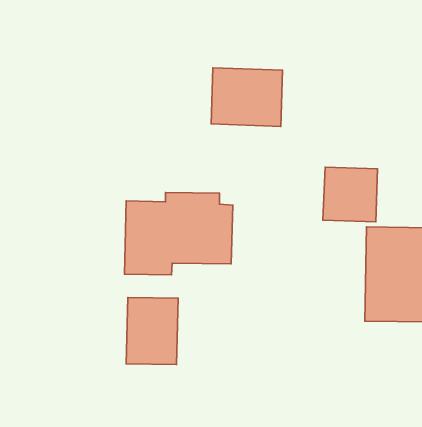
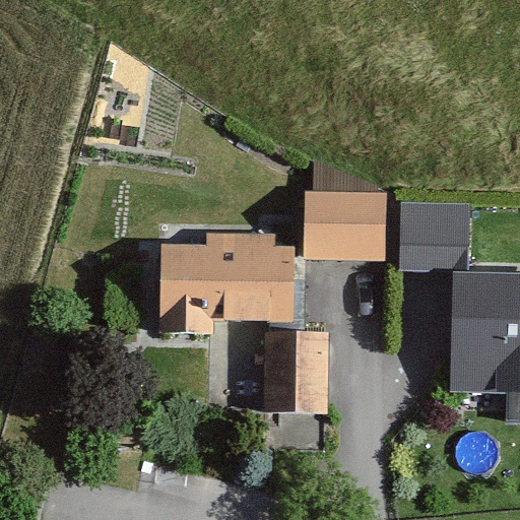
building: [211,68,283,127] -> [302,190,388,261]
building: [126,297,178,365] -> [262,333,325,414]

